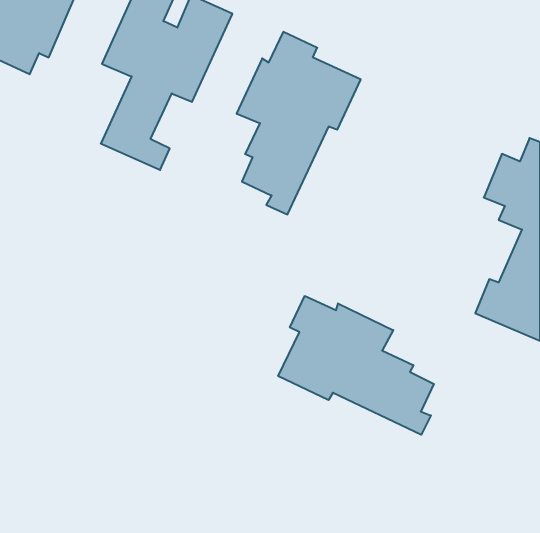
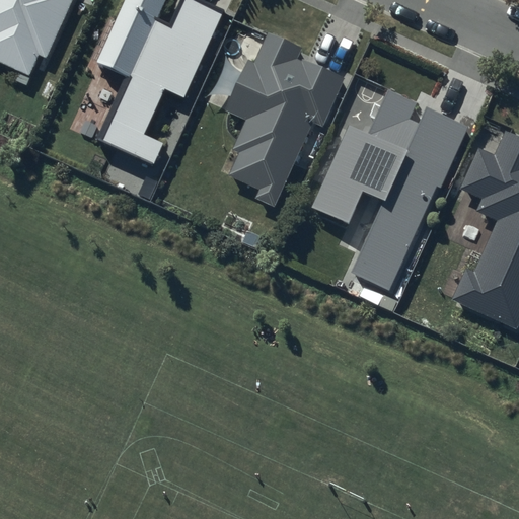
building: none -> [311,91,468,292]
building: [278,296,434,435] -> none

